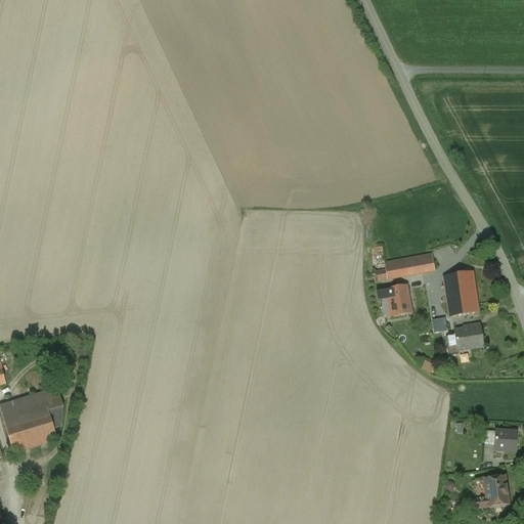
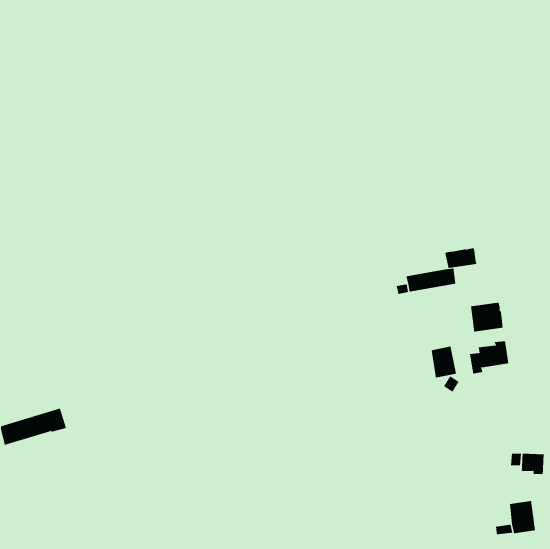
building: [444,271,476,291] -> [445,248,478,268]
building: [387,285,411,315] -> [431,346,457,378]
building: [5,409,57,452] -> none

